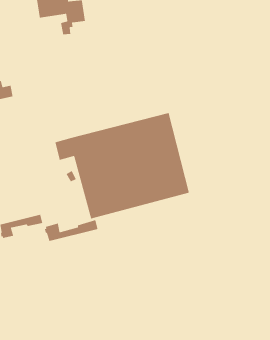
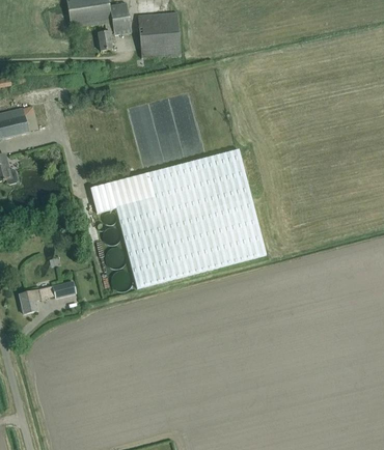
building: none -> [137,12,181,57]
building: [44,219,98,242] -> none

